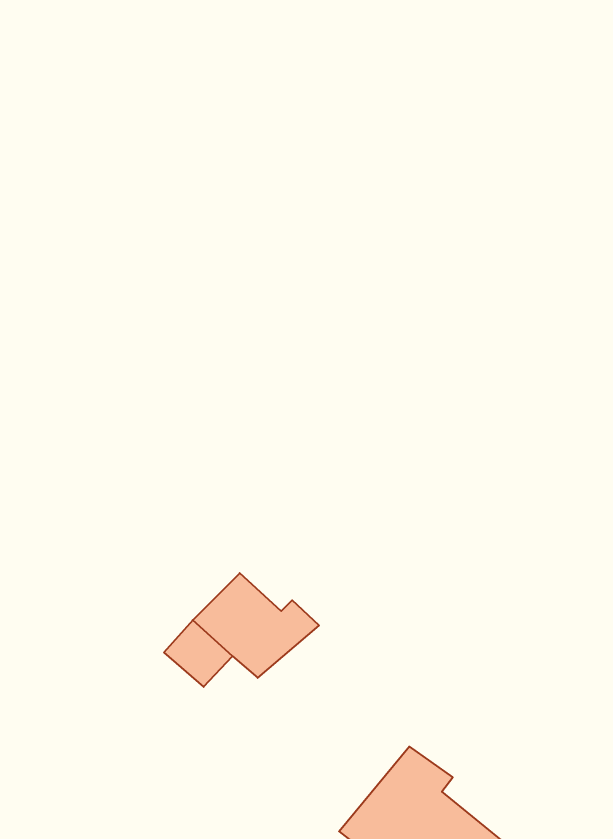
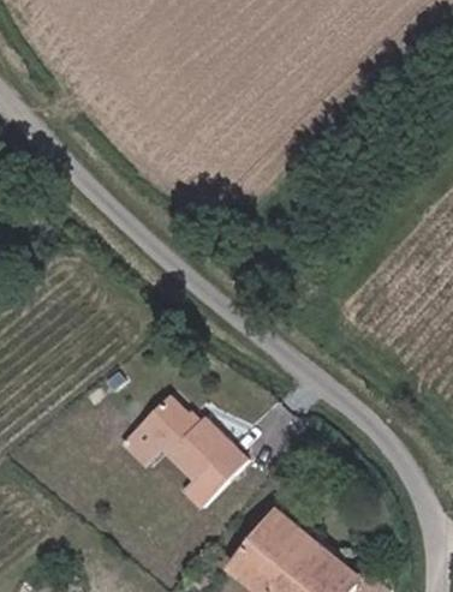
building: none -> [179,431,250,507]

